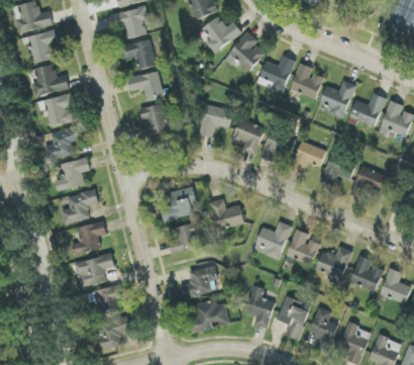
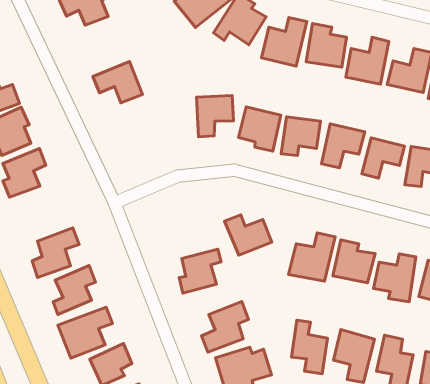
building: [120,38,156,70] -> none
building: [138,104,168,135] -> none
building: [54,157,90,191] -> none
building: [158,187,196,222] -> none

